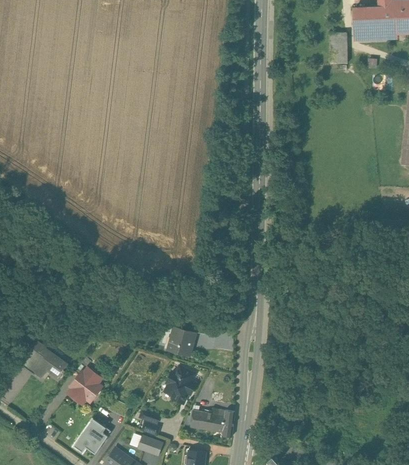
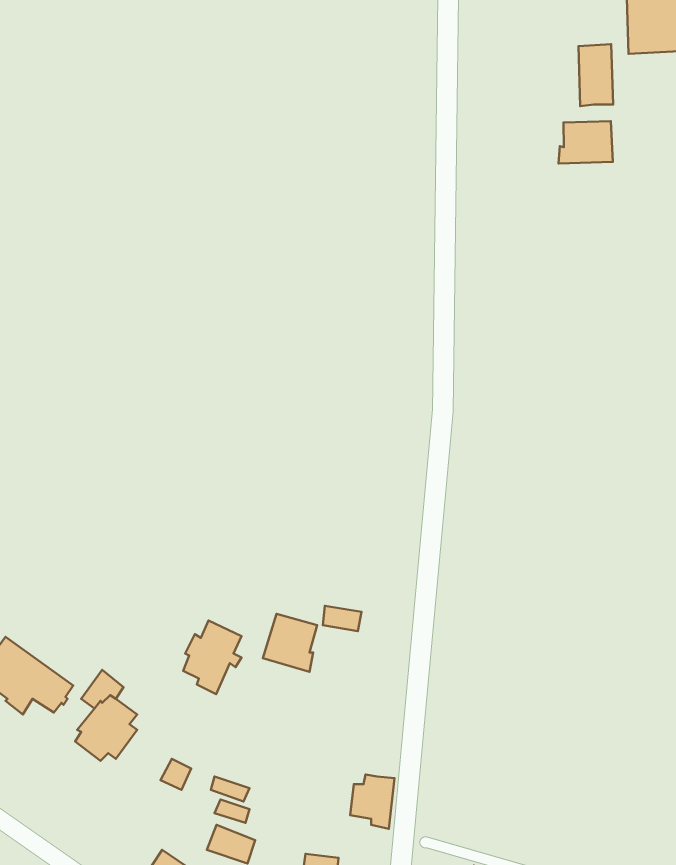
building: none -> [558,121,613,164]
building: [165,366,195,404] -> [183,621,241,694]
building: [189,411,213,431] -> none
building: [76,413,108,448] -> none

